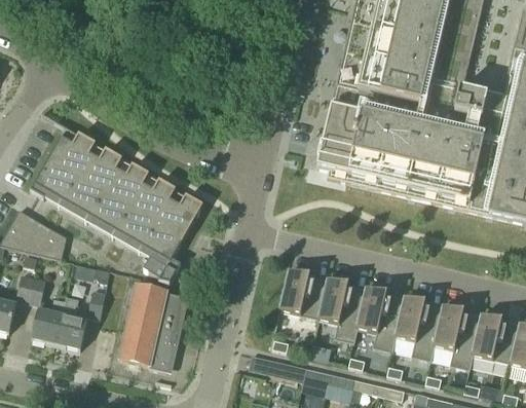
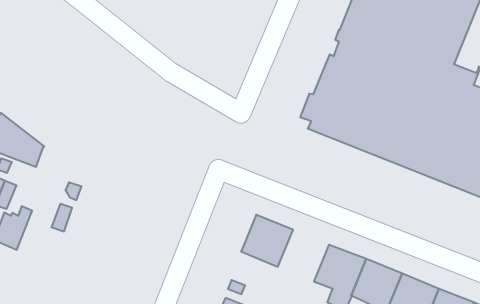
building: [35,113,202,284] -> none
building: [318,281,366,343] -> none
building: [118,284,188,372] -> none
building: [57,297,86,348] -> none

